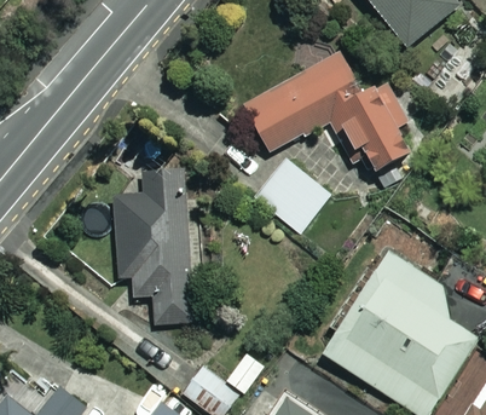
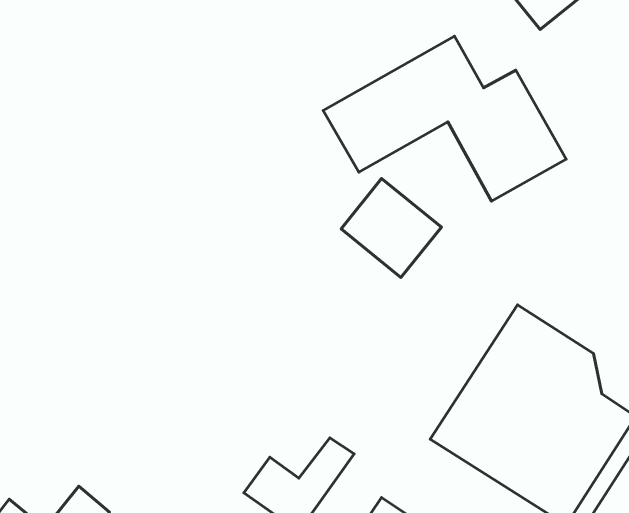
building: [115,166,195,323] -> none

